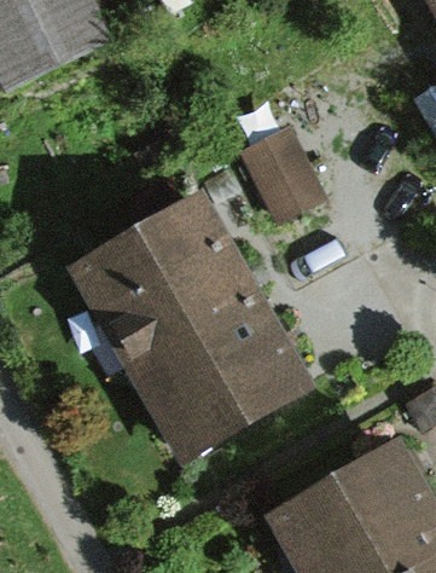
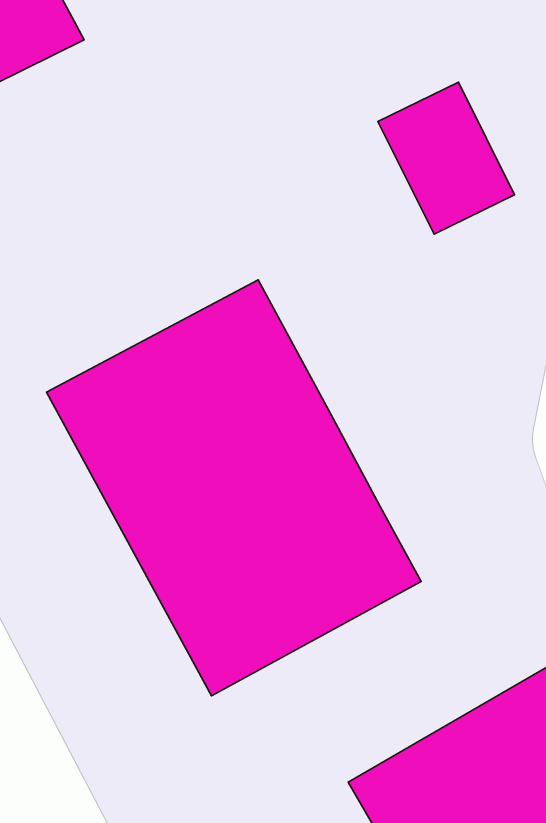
building: [239,126,327,224] -> [378,82,515,234]

